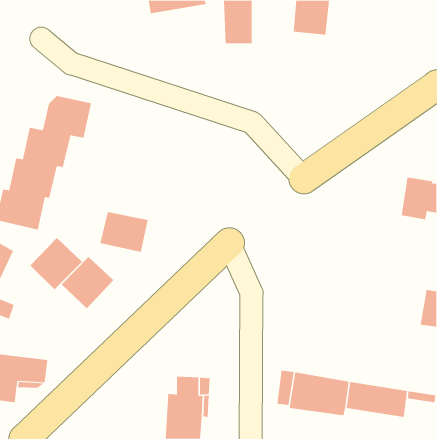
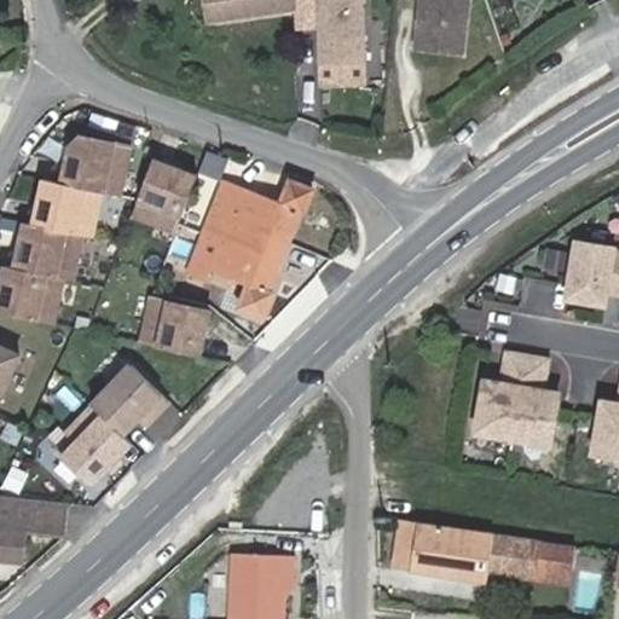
building: none -> [131,158,196,231]
building: none -> [186,181,310,319]
building: [29,237,83,290] -> [57,410,132,485]
building: none -> [474,359,555,450]

